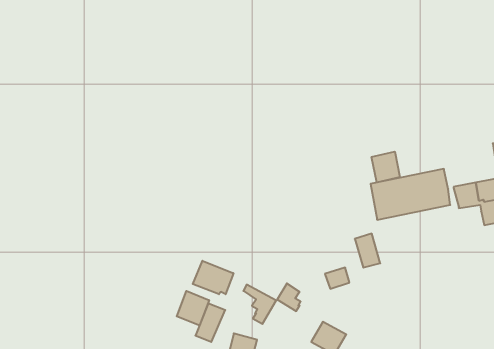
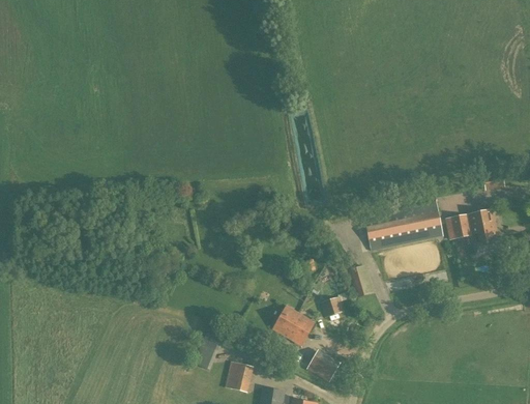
building: [372,152,400,182] -> none
building: [193,261,233,294] -> none
building: [243,285,276,324] -> [283,306,315,344]
building: [177,291,209,325] -> none

